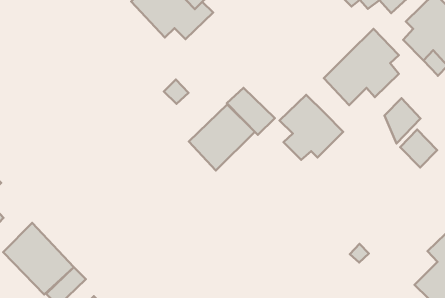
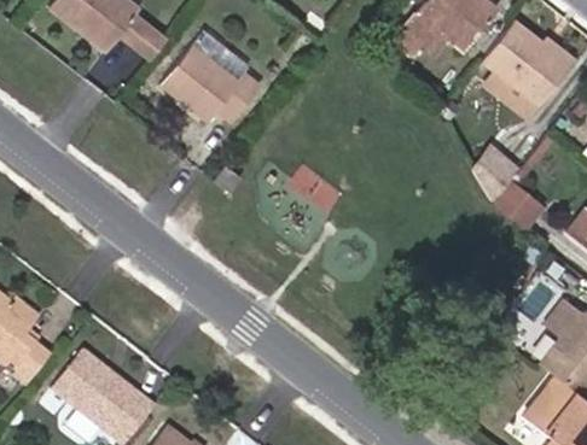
building: [324,29,399,105] -> none
building: [279,95,343,160] -> none
building: [189,105,255,171] -> none

